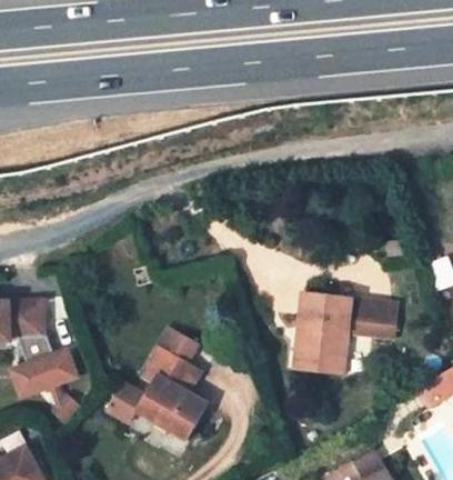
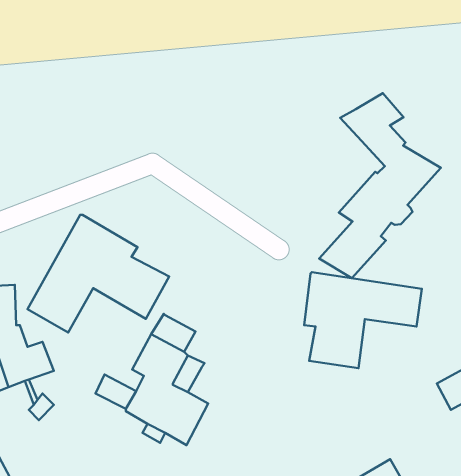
building: none -> [319,93,441,278]
building: none -> [28,215,169,332]

